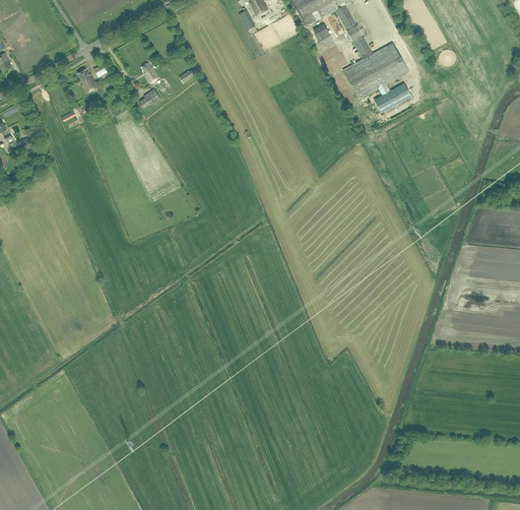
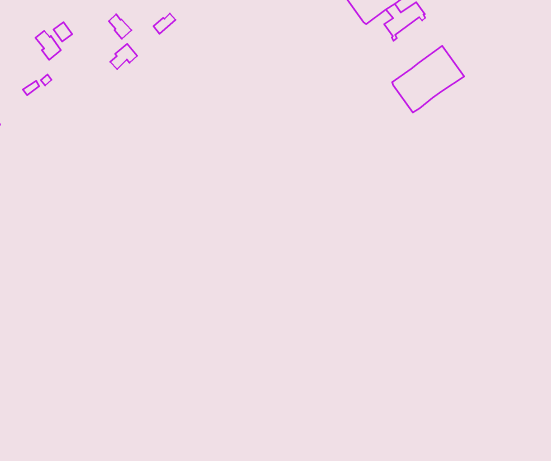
building: none -> [392,46,464,112]

